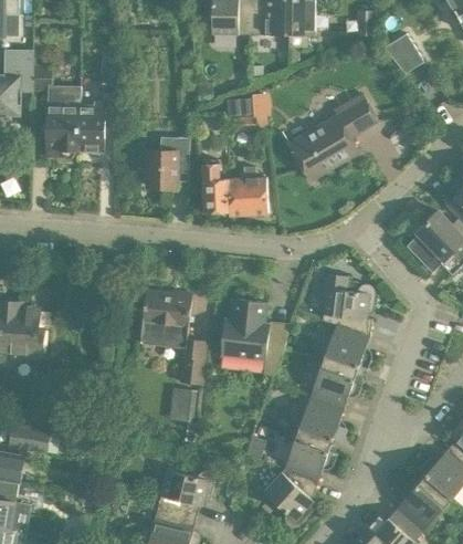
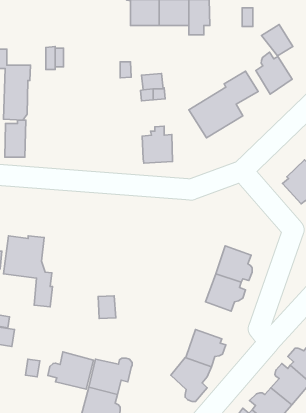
building: none -> [256,52,292,94]
building: [76,102,104,150] -> [5,120,26,157]
building: [139,137,189,187] -> none
building: [201,159,228,210] -> none
building: [320,272,375,335] -> none
building: [138,291,202,384] -> [4,236,53,307]
building: [219,297,285,374] -> none
building: [296,396,346,444] -> none
building: none -> [48,352,93,389]

